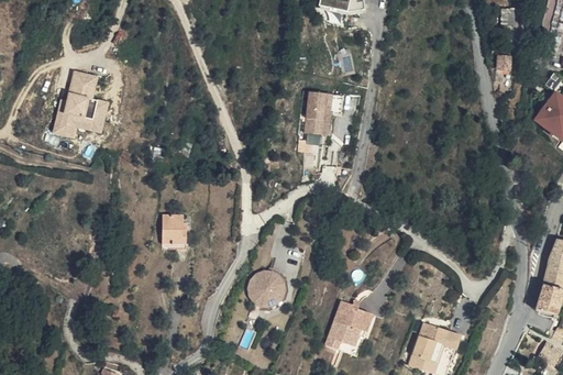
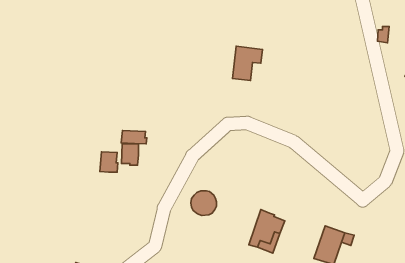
building: [53,69,109,137] -> none
building: none -> [121,130,147,144]
building: none -> [100,152,118,172]

